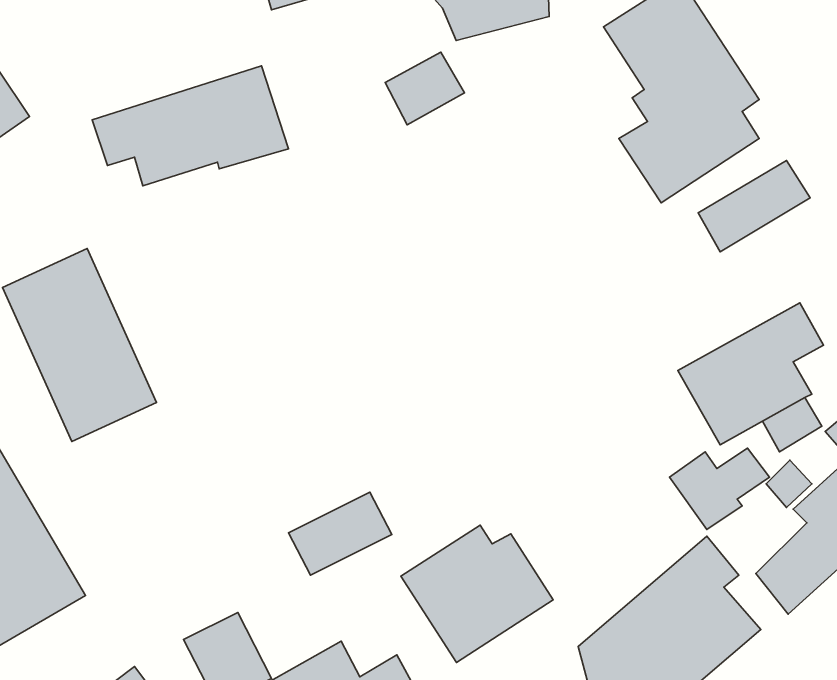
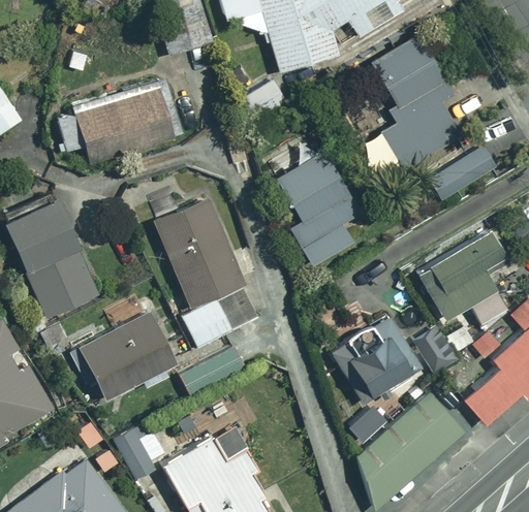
building: none -> [279,153,357,265]
building: none -> [153,197,261,349]
building: none -> [79,311,176,397]
building: [401,525,553,662] -> [330,321,423,405]

